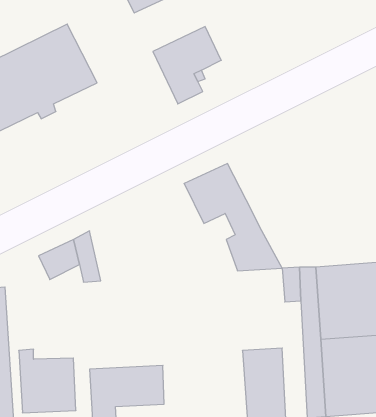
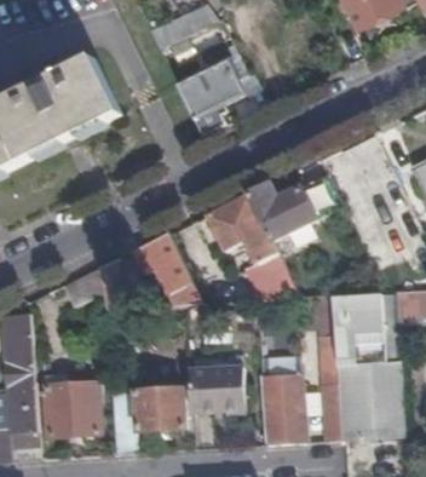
building: none -> [247,172,344,240]
building: none -> [134,230,201,303]
building: none -> [192,362,244,408]

